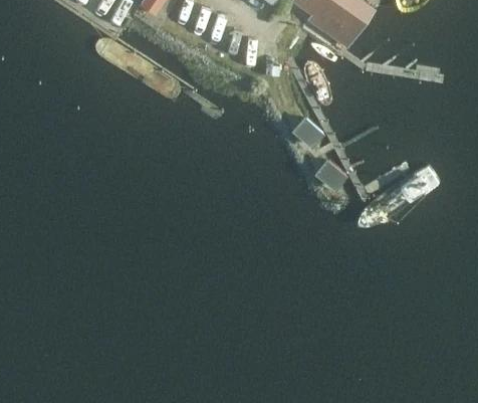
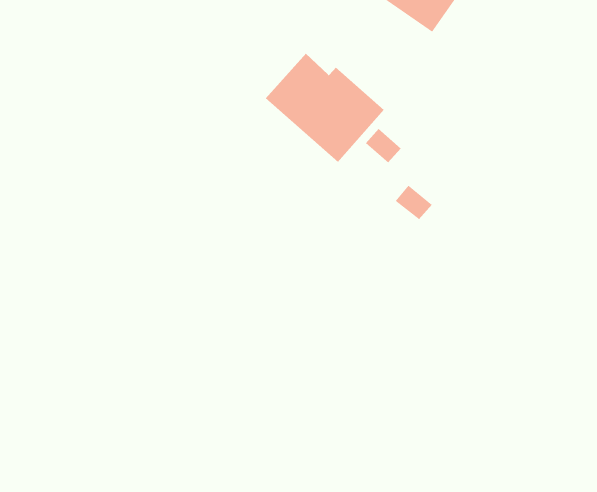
building: none -> [265,53,384,163]

